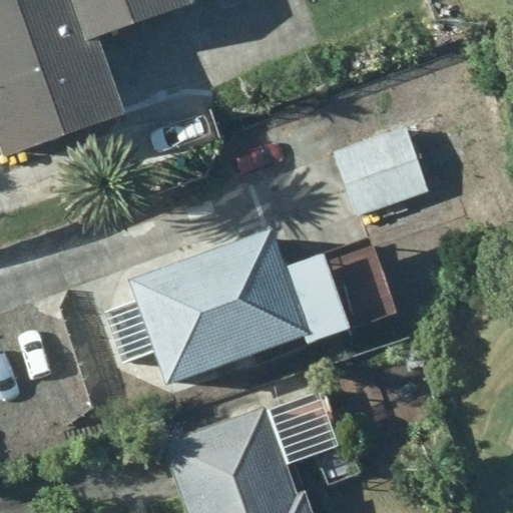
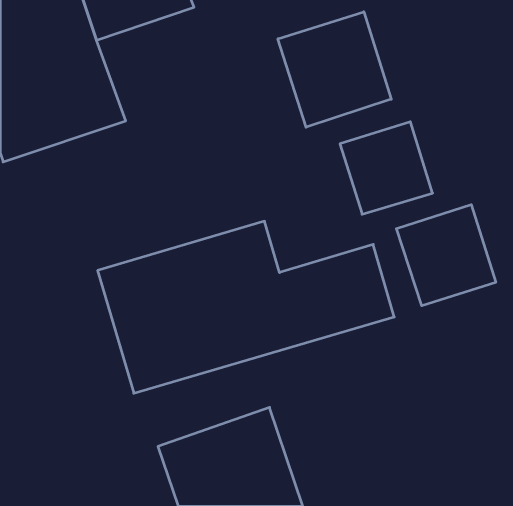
building: none -> [278,12,391,127]
building: none -> [396,205,496,306]

